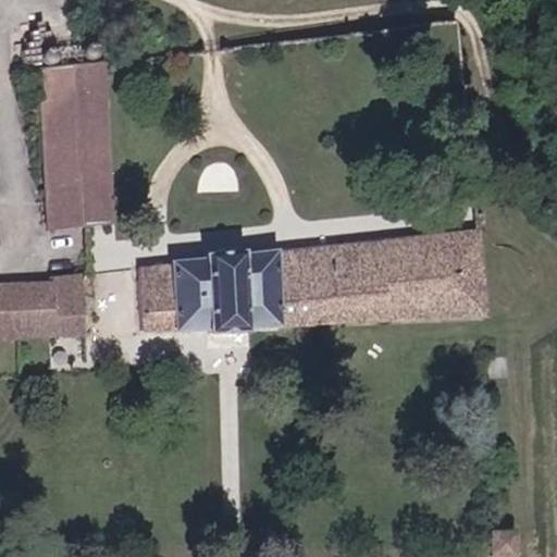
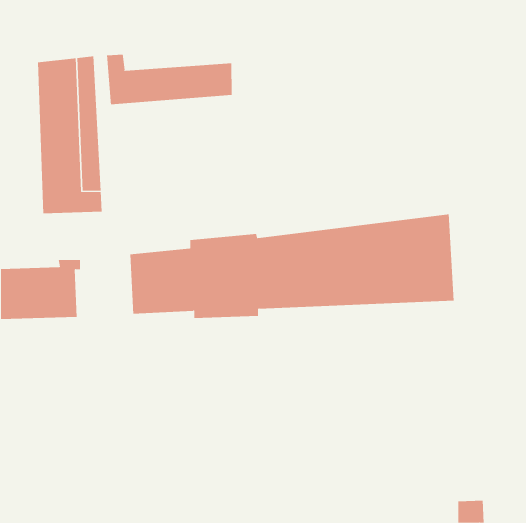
building: none -> [107,54,232,105]

